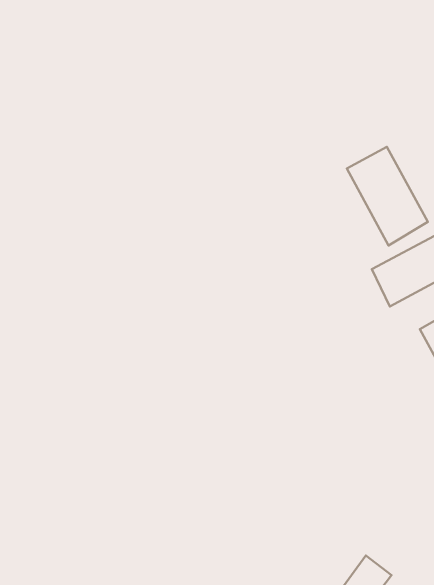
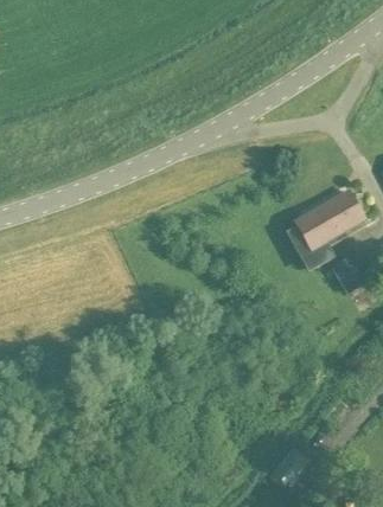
building: [347,147,428,246] -> none

